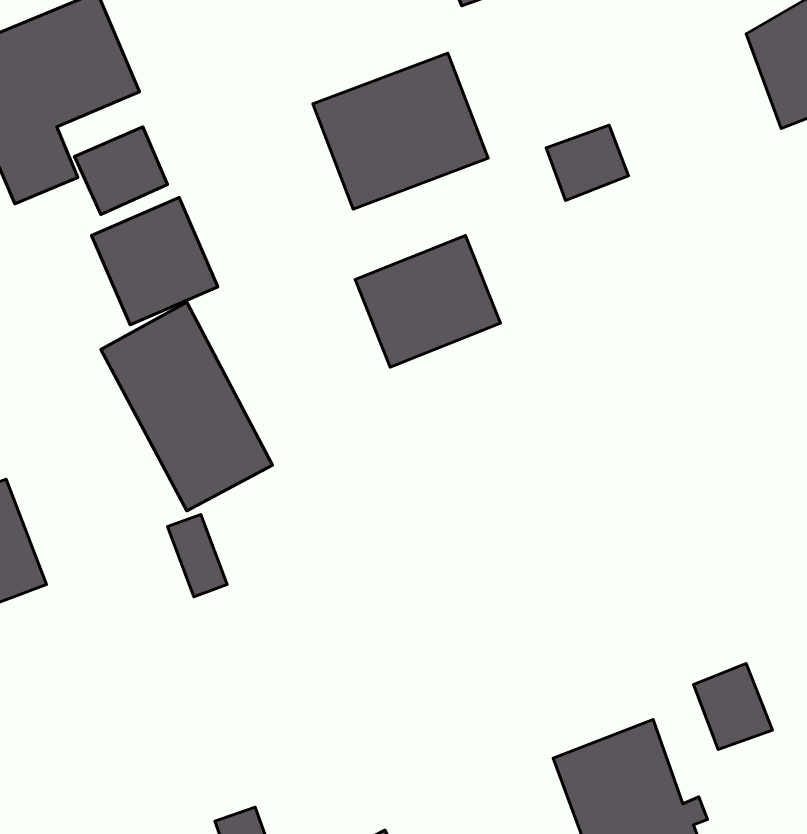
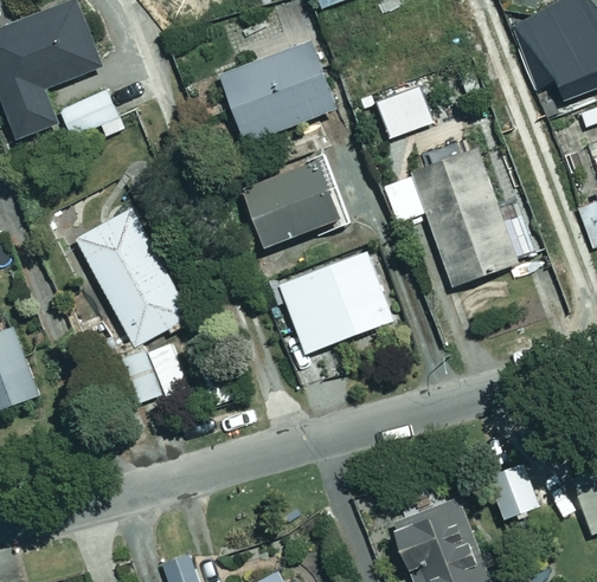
building: [91,197,218,325] -> none
building: none -> [383,150,521,290]
building: none -> [280,252,393,354]

